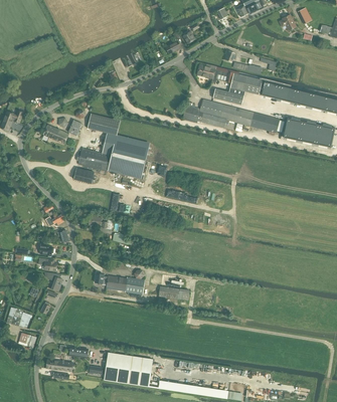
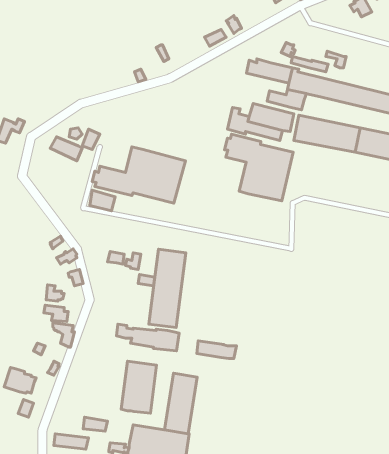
building: [87,113,120,135] -> none
building: none -> [225,134,293,201]
building: none -> [149,249,186,328]
building: none -> [121,361,157,413]
building: none -> [164,373,197,434]

